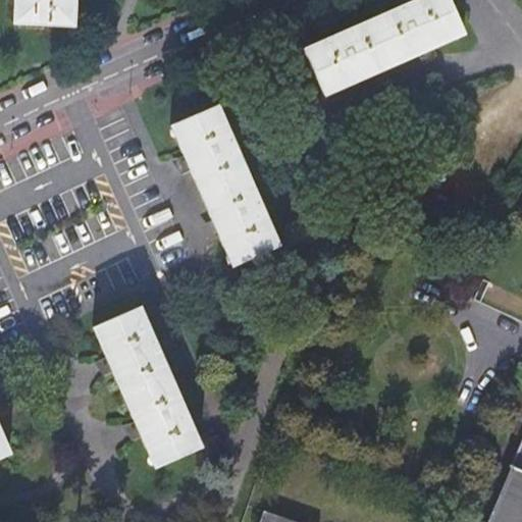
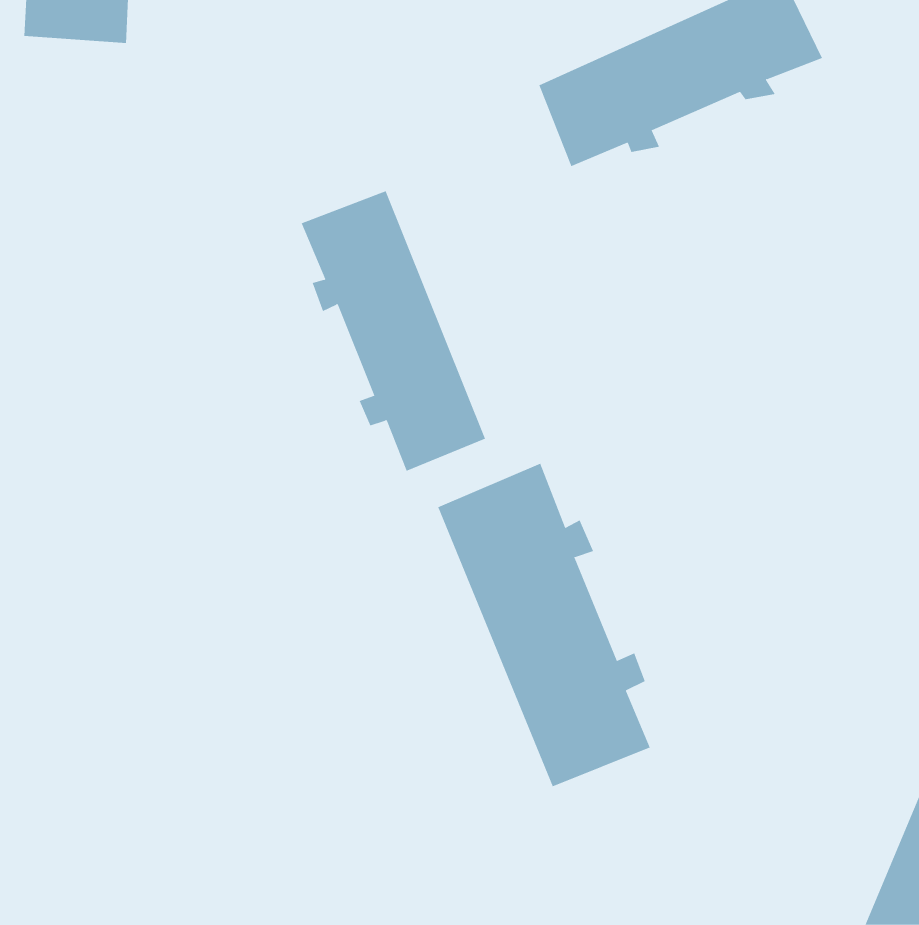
building: none -> [438,463,650,787]
building: [95,306,200,466] -> none

